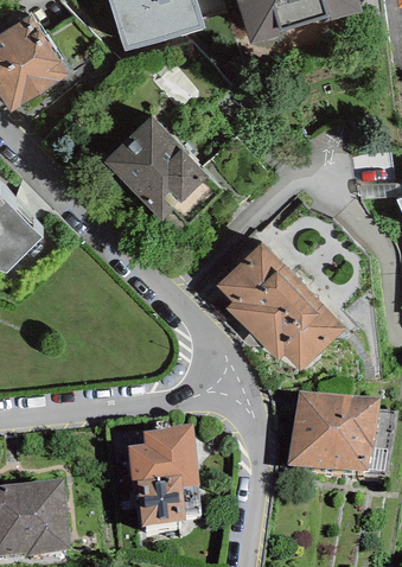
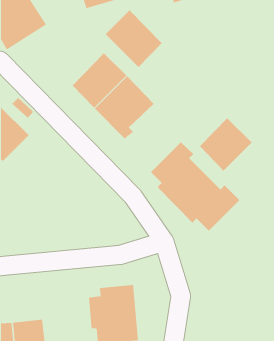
building: none -> [105,9,162,68]
building: none -> [199,117,253,172]
building: [286,404,381,492] -> none

